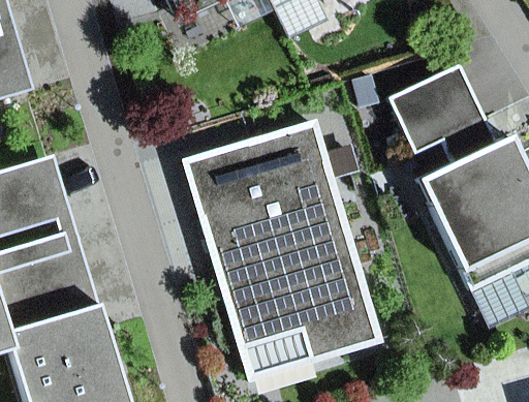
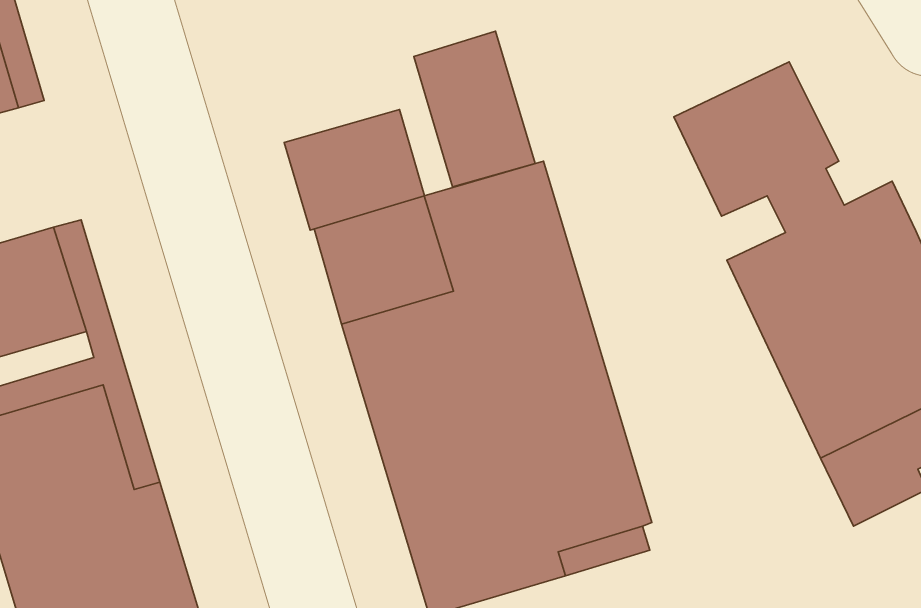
building: none -> [414,31,535,187]
building: none -> [284,109,424,230]

